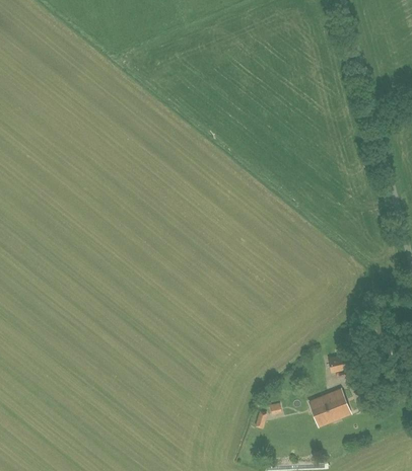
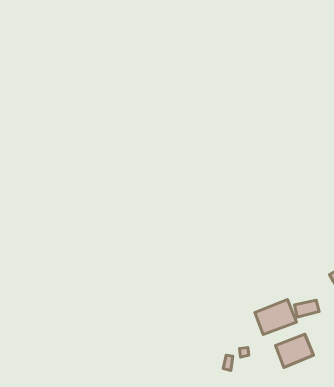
building: none -> [255,299,296,334]

